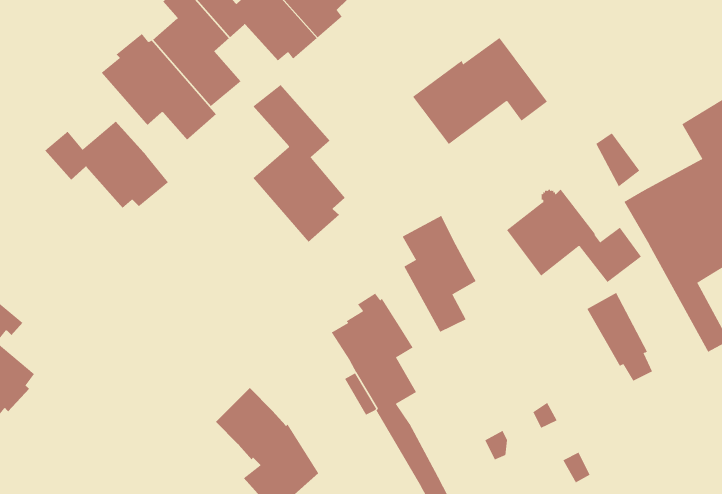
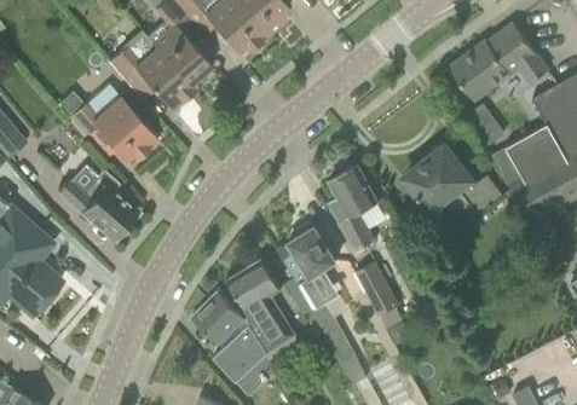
building: [412,37,548,145] -> [450,22,549,100]
building: [252,84,345,243] -> none
building: none -> [57,170,137,238]
building: [587,292,653,381] -> [354,260,403,325]
building: none -> [227,259,296,361]

